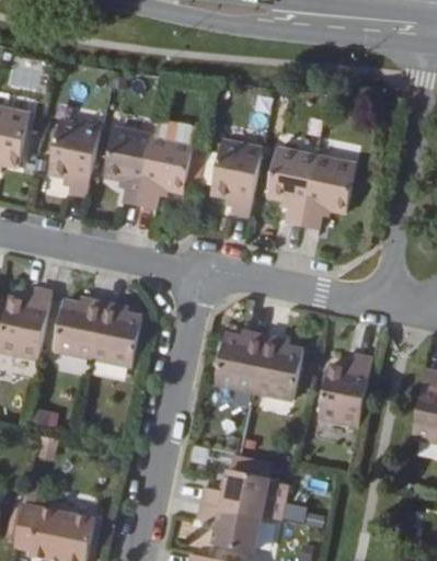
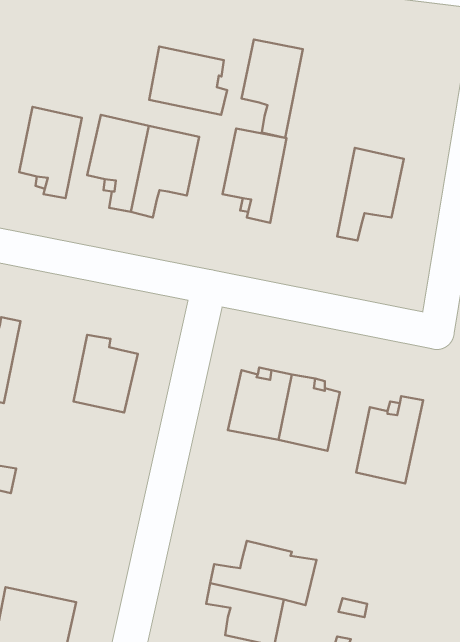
building: none -> [149,47,227,115]
building: [268,146,318,225] -> [241,40,303,138]
building: [53,300,103,357] -> none

